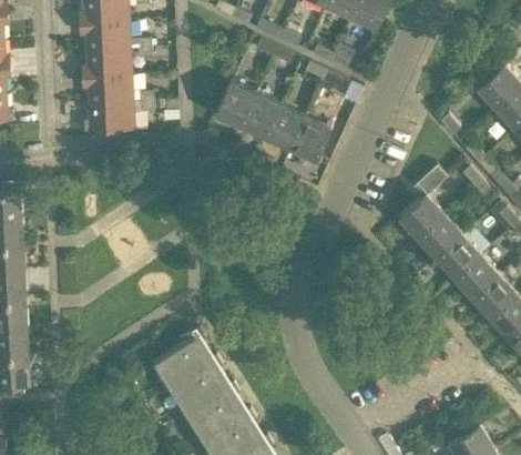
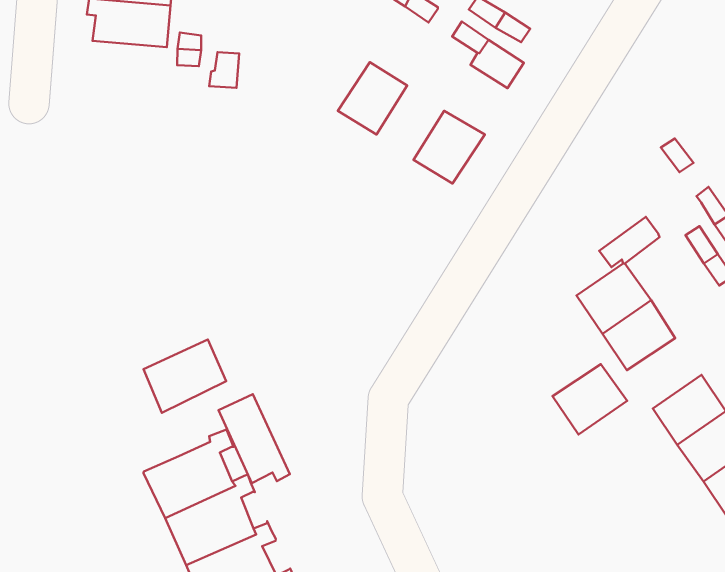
building: [215,83,256,127] -> none
building: [82,102,133,132] -> none
building: [266,105,305,150] -> none
building: [437,236,482,281] -> [553,364,627,434]
building: none -> [144,340,226,413]
building: none -> [218,394,290,483]

